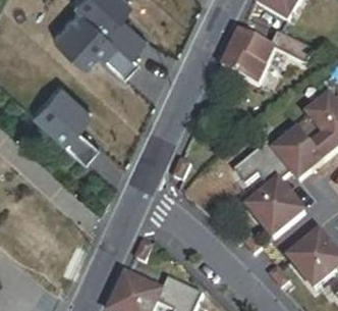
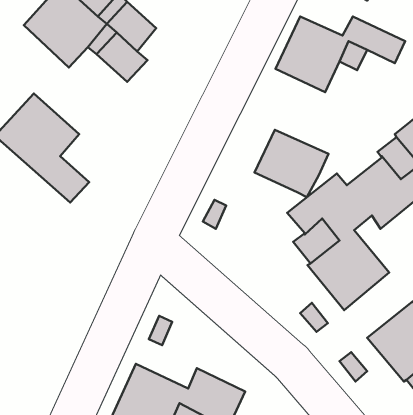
building: none -> [254,130,328,197]

